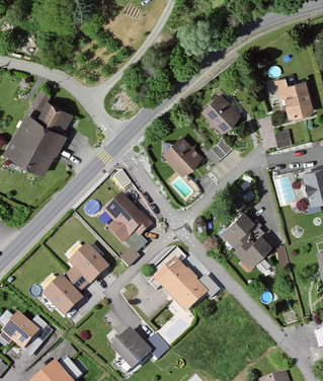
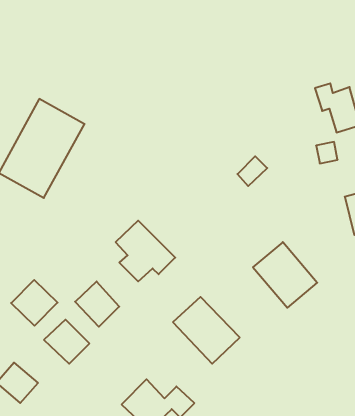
building: [201,92,242,133] -> none
building: [163,135,204,176] -> none
building: none -> [11,280,58,326]

